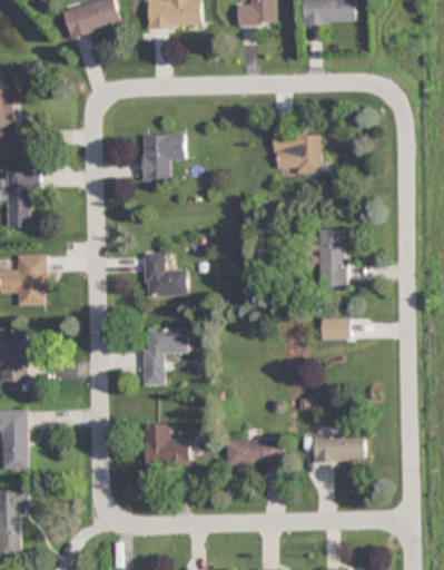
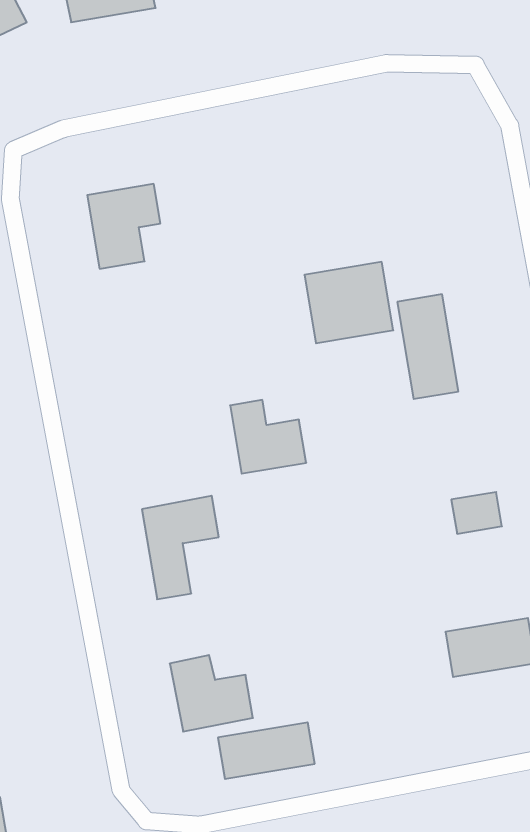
building: [272,131,319,174] -> [304,262,393,343]
building: [144,253,184,295] -> [230,400,306,474]
building: [320,318,348,340] -> [451,492,502,534]
building: [225,440,280,465] -> [218,722,315,779]

